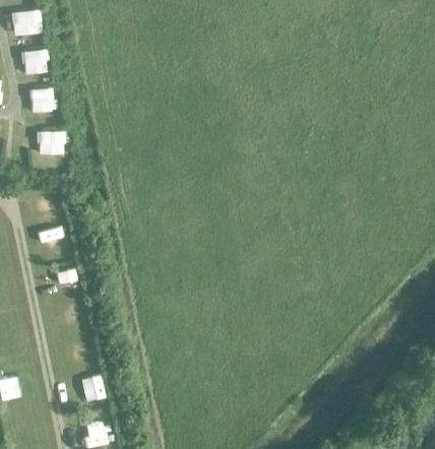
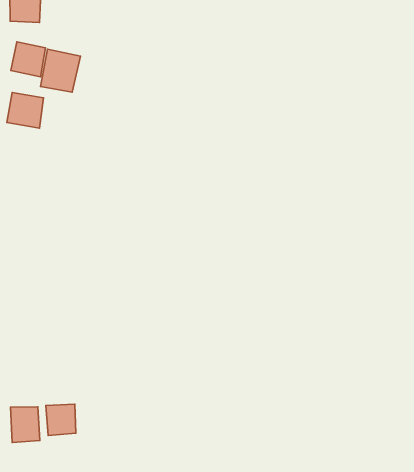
building: none -> [41,49,81,92]
building: none -> [46,404,76,435]

